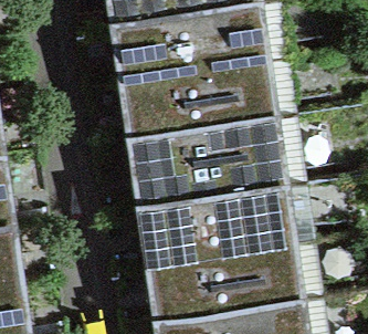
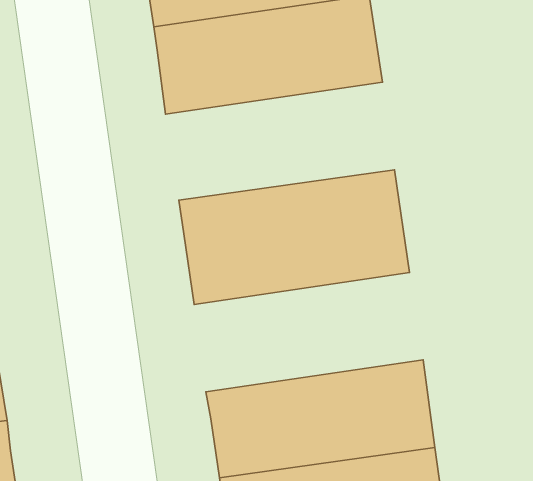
building: [125,62,275,139] -> none
building: [144,187,294,265] -> none

